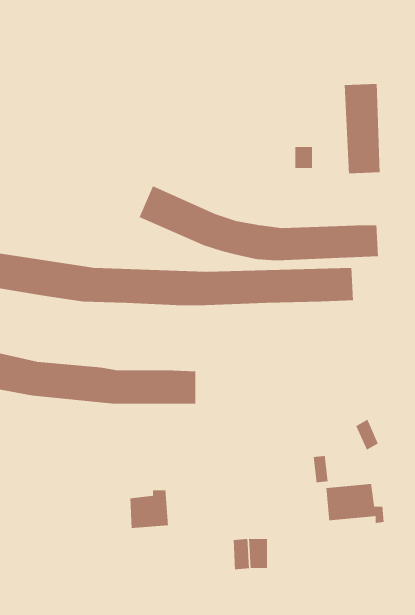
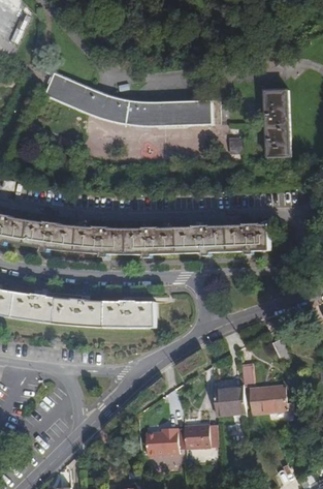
building: [138,185,379,261] -> [44,72,221,128]
building: none -> [215,388,245,418]
building: [130,489,169,529] -> [144,425,173,454]

